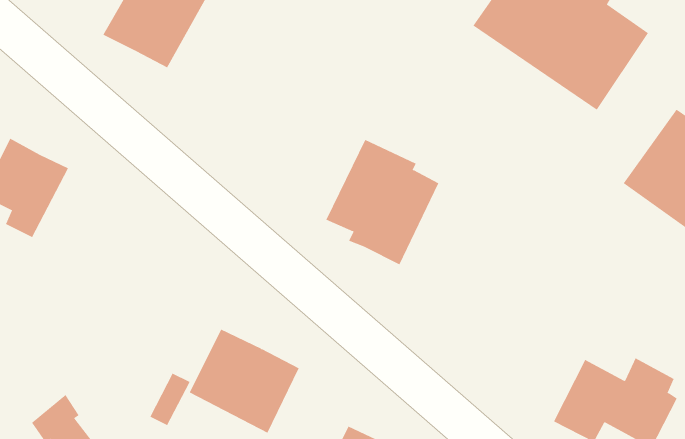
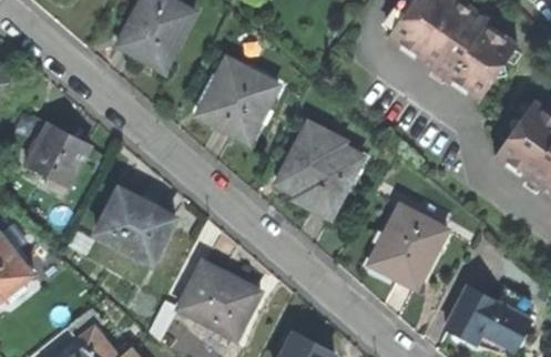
building: none -> [195,59,278,145]
building: none -> [96,187,175,262]
building: none -> [370,205,447,286]

